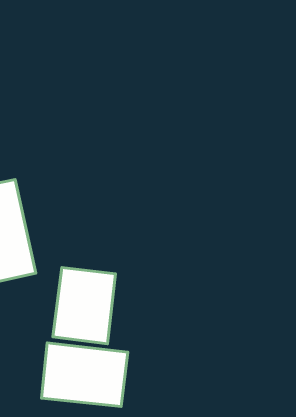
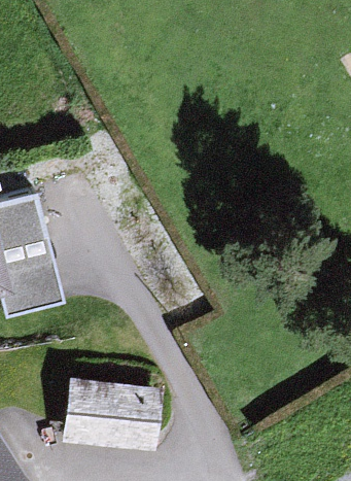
building: [53,268,116,344] -> none

